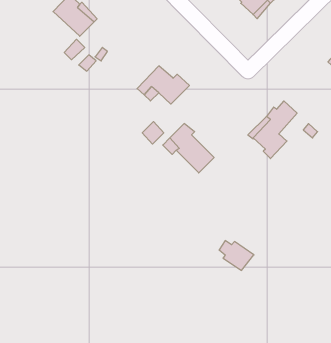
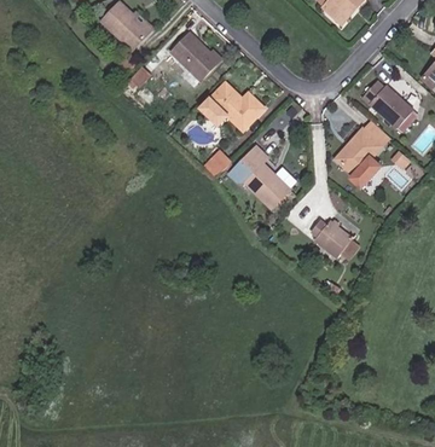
building: none -> [172,33,221,79]
building: none -> [365,86,413,129]
building: [219,241,254,270] -> [309,220,350,255]

